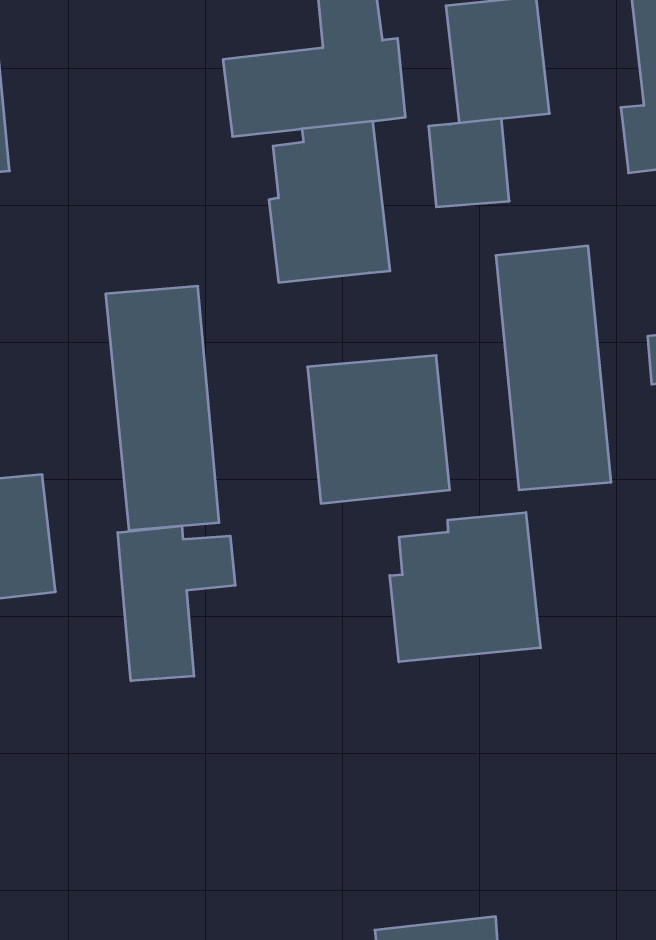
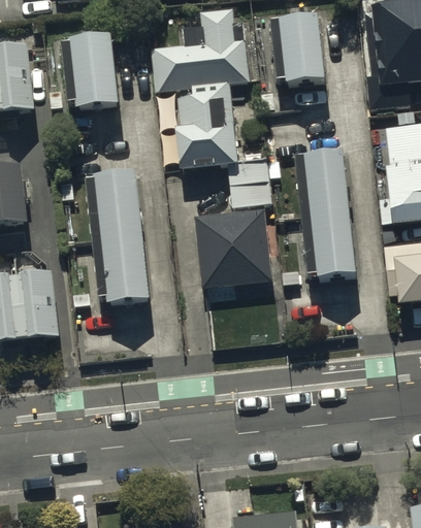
building: none -> [63,33,120,106]
building: [429,118,509,207] -> [228,160,271,207]
building: [390,512,541,662] -> none
building: [118,526,235,681] -> none

